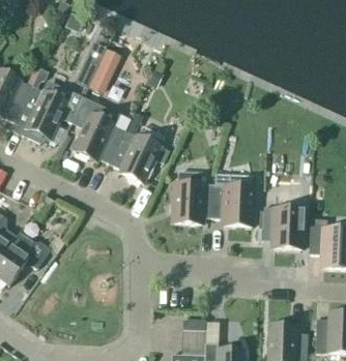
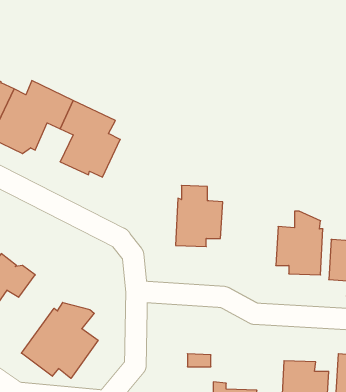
building: [88,42,121,88] -> none
building: [109,124,170,183] -> none
building: [212,175,253,225] -> none
building: none -> [21,302,98,378]

